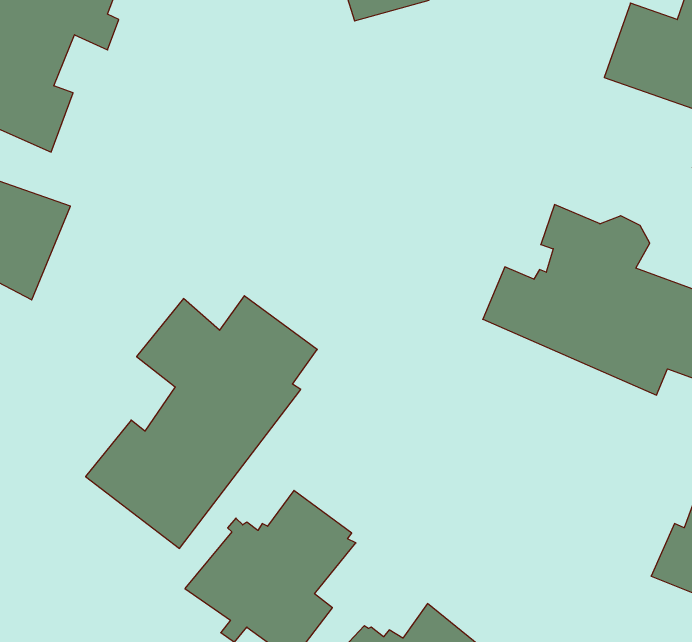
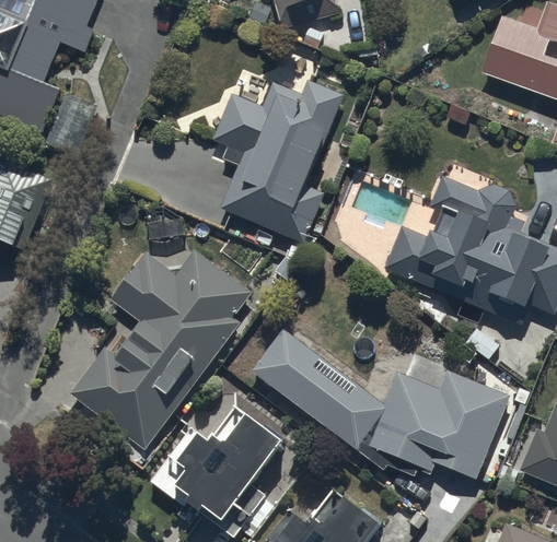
building: none -> [212,79,344,243]
building: none -> [251,327,511,478]

